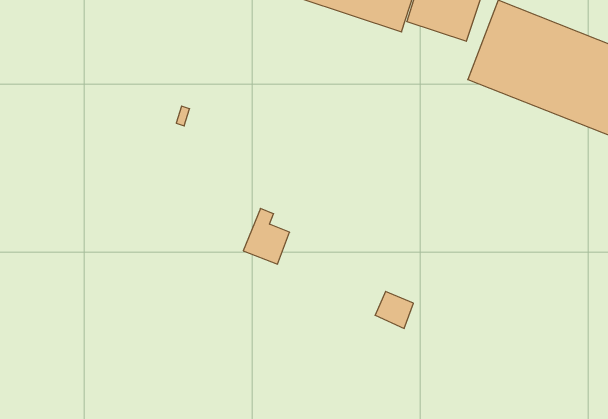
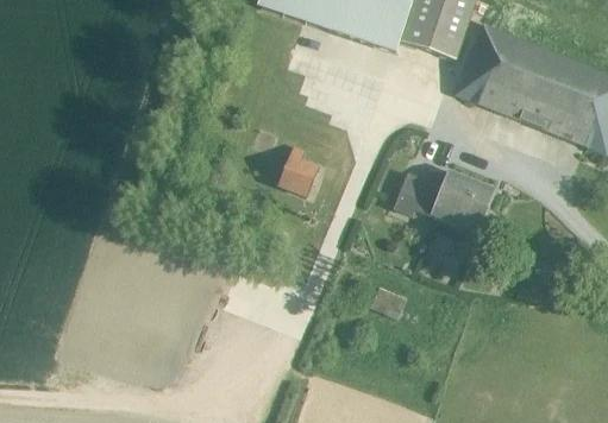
building: none -> [393,170,493,233]
building: [243,208,290,264] -> [276,145,318,195]

